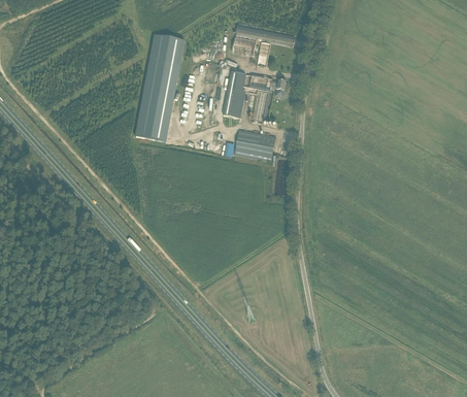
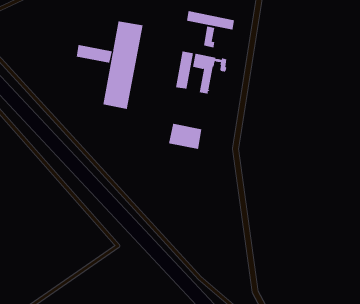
building: none -> [76,44,112,63]
building: [234,128,275,160] -> [168,123,202,150]

